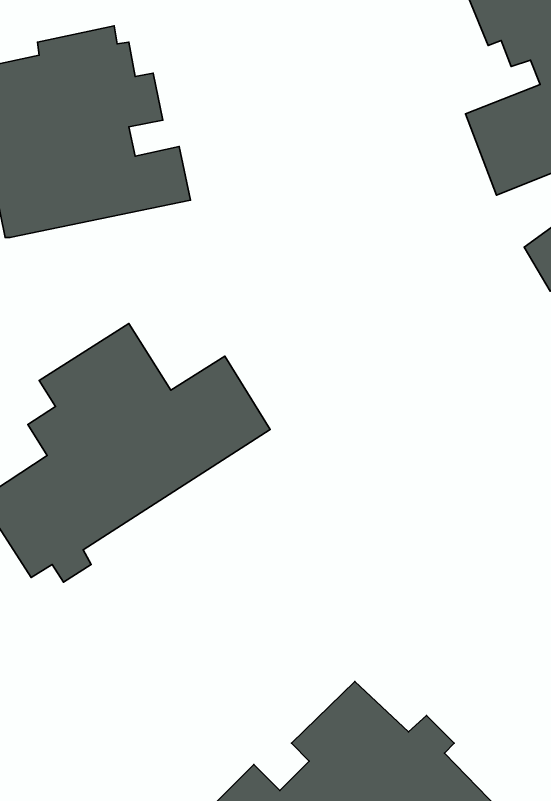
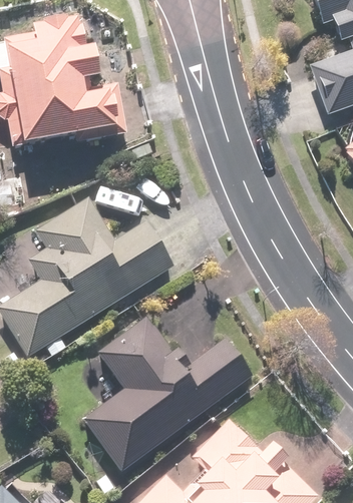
building: none -> [83,318,254,473]

